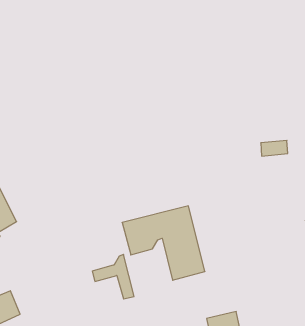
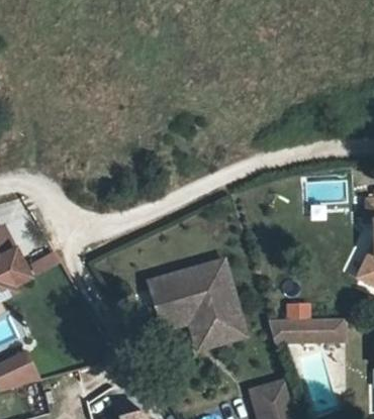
building: [92,254,134,299] -> [161,296,209,347]
building: none -> [267,315,346,343]

